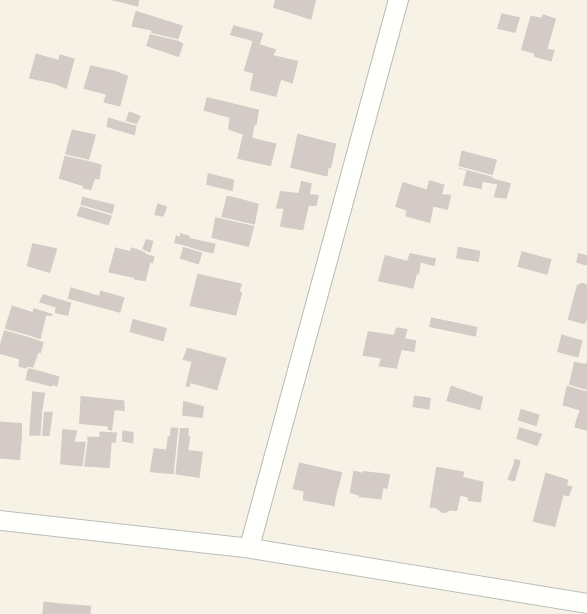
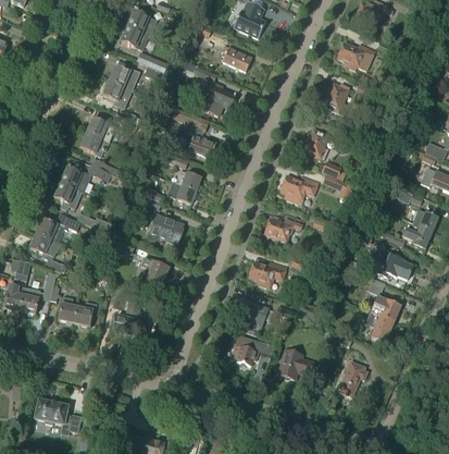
building: [520,13,557,62] -> [324,83,349,113]
building: [28,53,76,90] -> [109,64,139,89]
building: none -> [303,128,328,159]
building: [289,133,337,178] -> none
building: [275,180,320,231] -> none
building: [107,246,155,282] -> [60,167,90,191]
building: [78,395,126,431] -> none
building: [291,461,343,507] -> [235,298,267,329]

